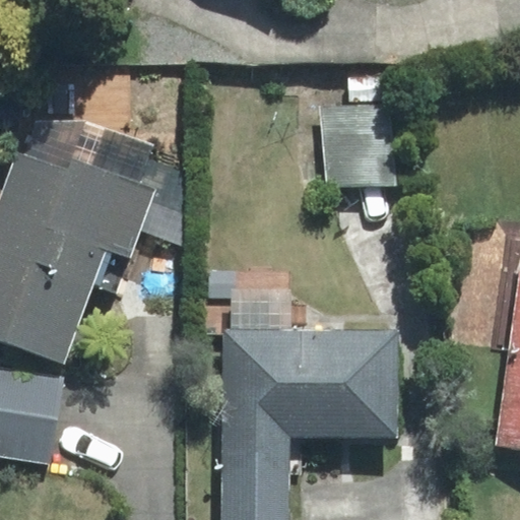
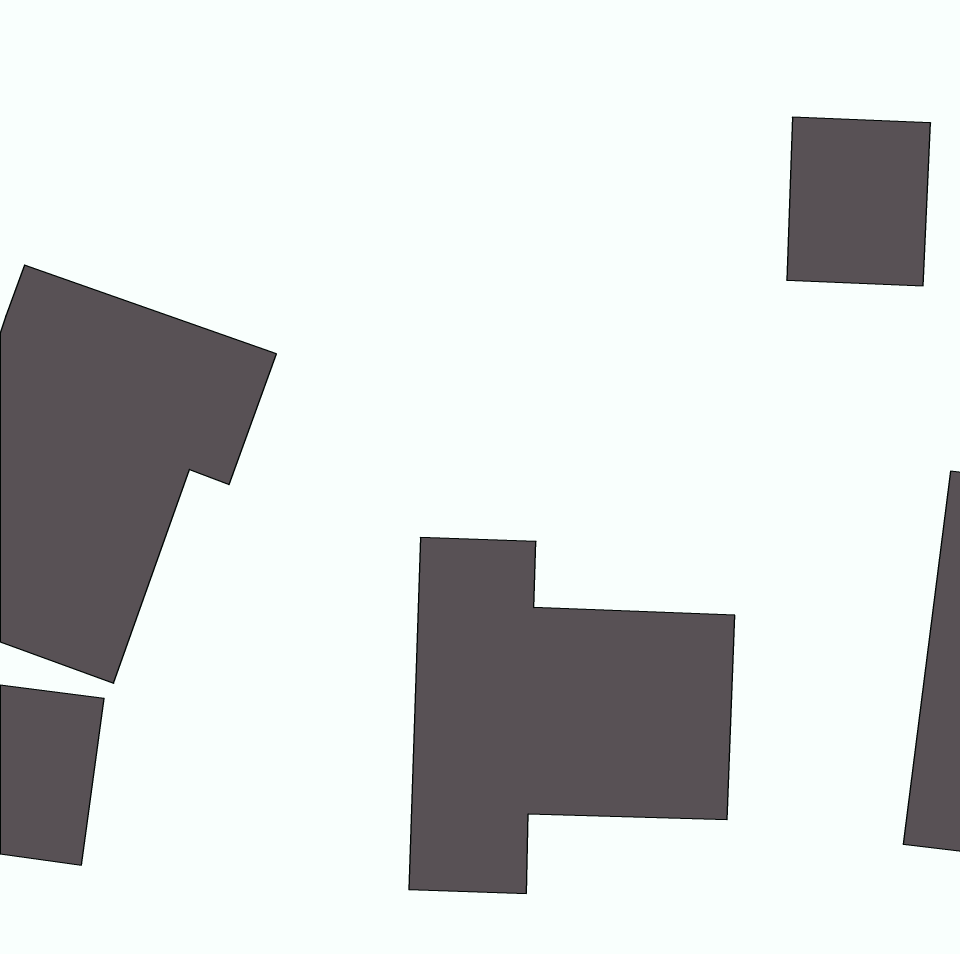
building: [318,100,395,190] -> [787,117,931,286]

